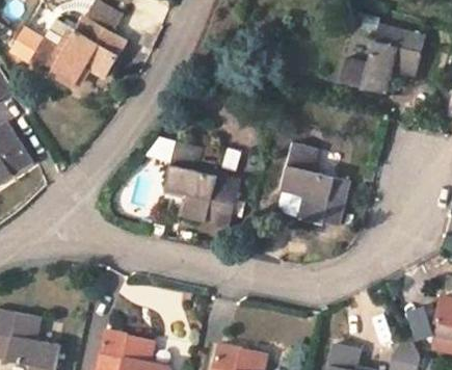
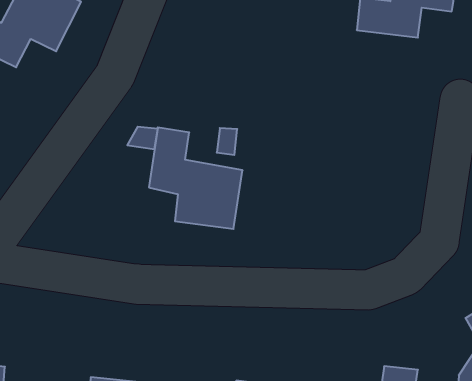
building: [281,143,348,226] -> none

